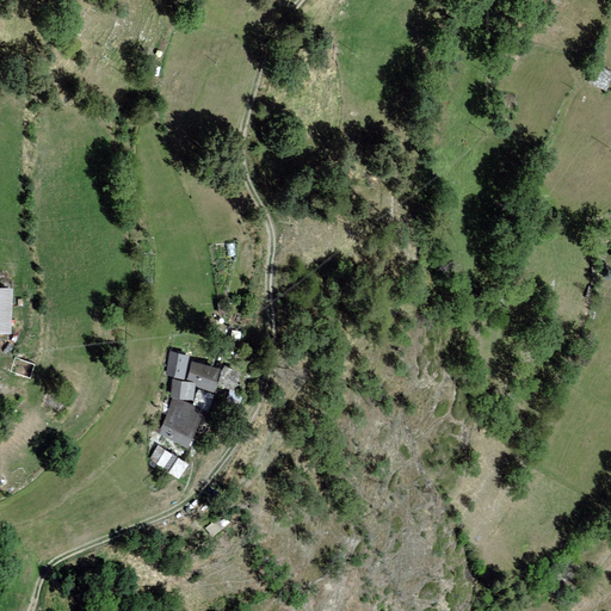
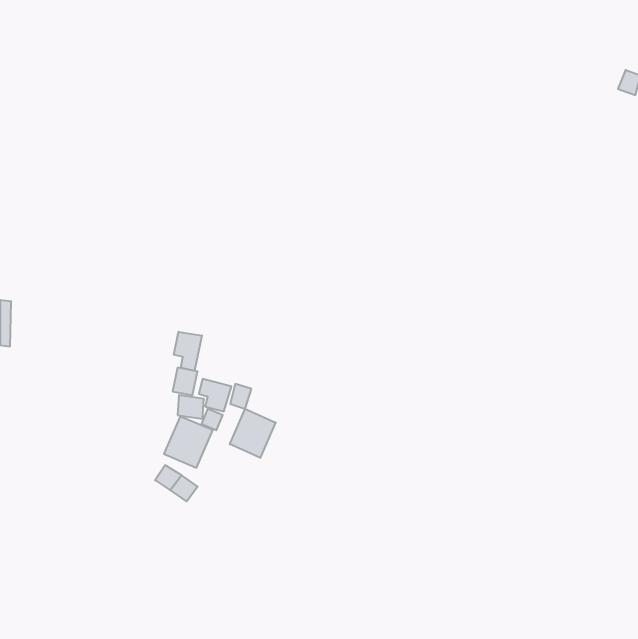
building: none -> [174,332,202,371]
building: none -> [230,409,276,458]

